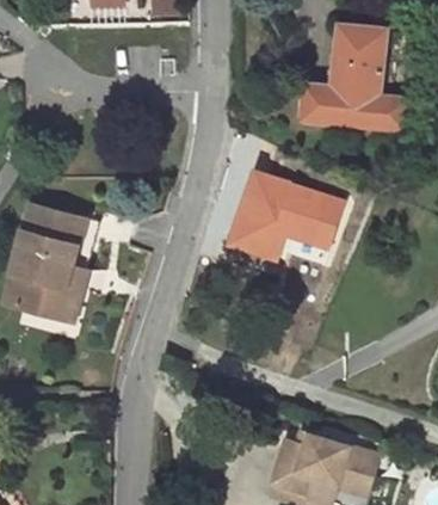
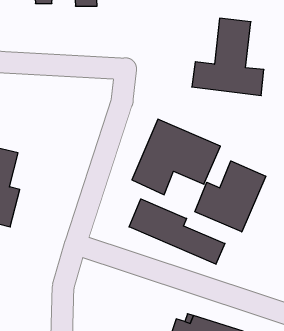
building: none -> [195,161,266,232]
building: none -> [129,199,225,264]

